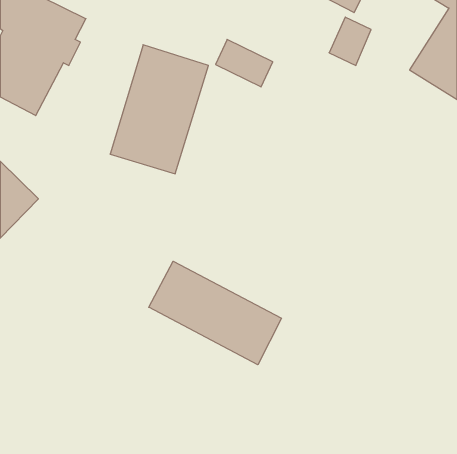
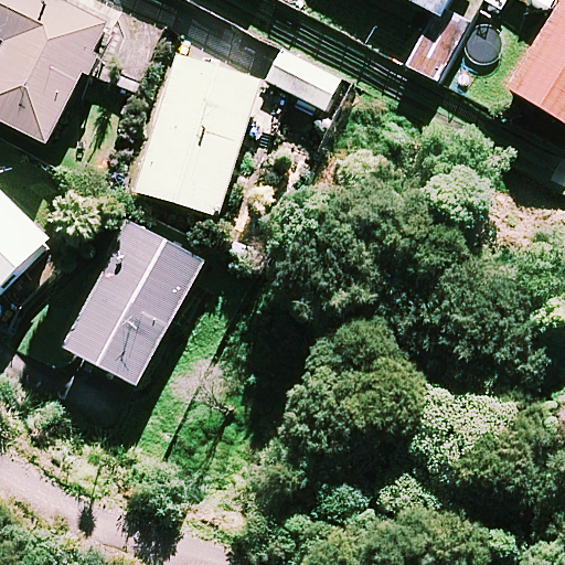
building: none -> [61,220,201,384]
building: [149,261,281,365] -> none

